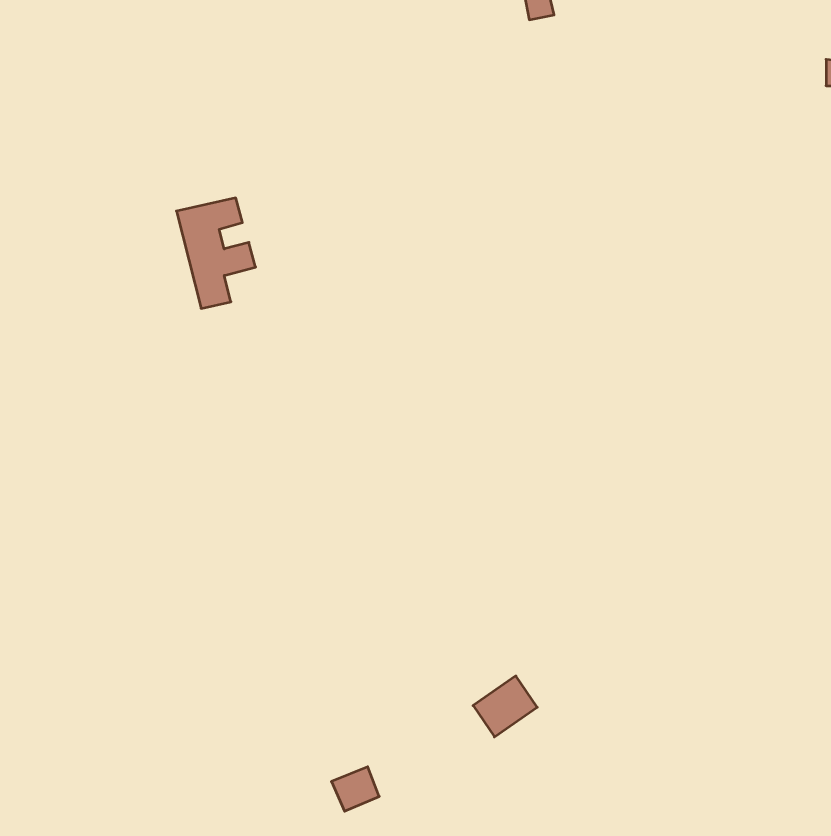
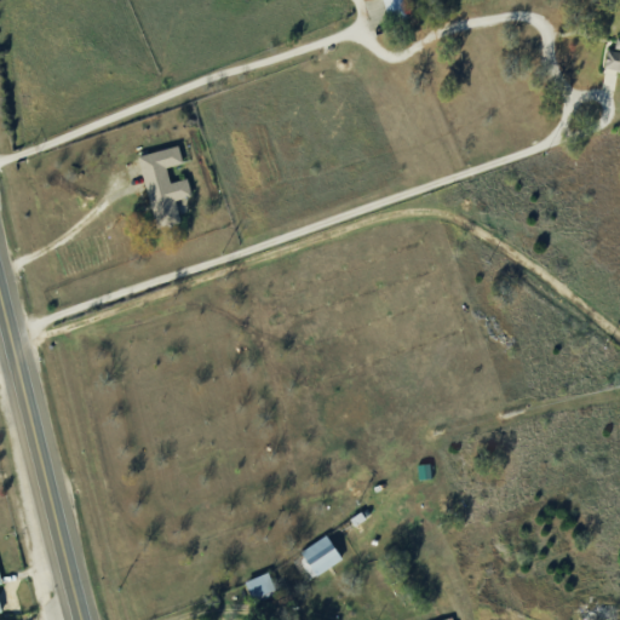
building: [473,676,537,737] -> [298,534,345,579]

